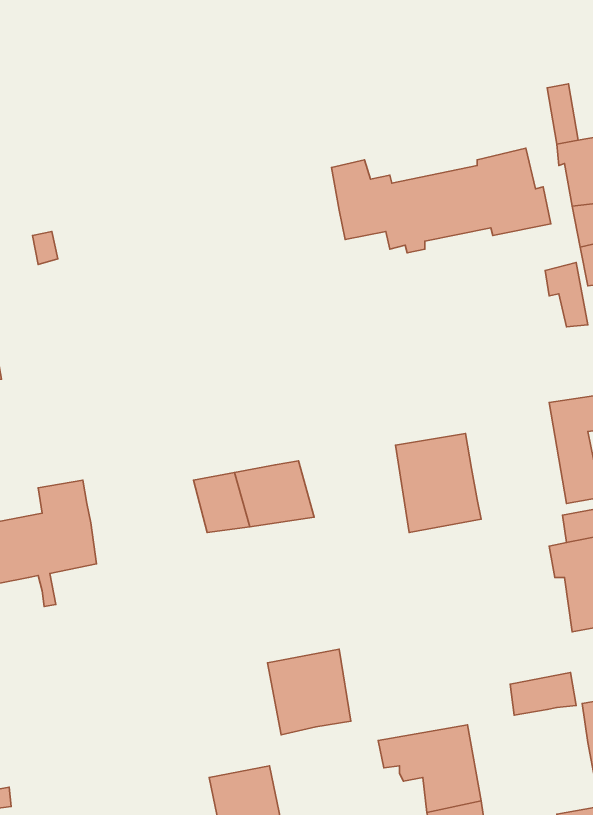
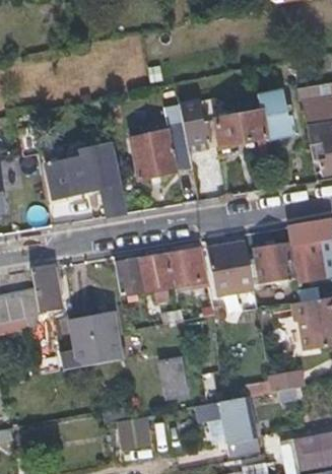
building: none -> [131,127,191,182]
building: none -> [48,145,125,218]
building: none -> [252,242,291,283]
building: none -> [161,251,207,287]
building: none -> [59,317,119,370]

